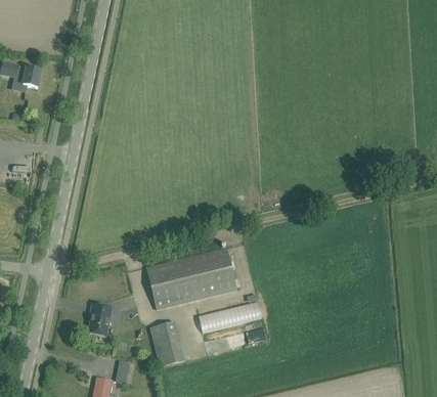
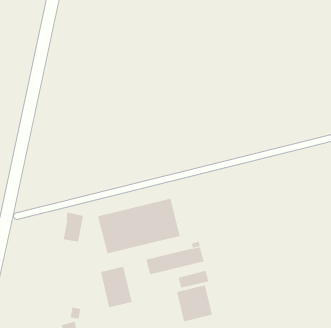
building: [88,303,111,336] -> [63,212,84,242]
building: none -> [176,285,213,322]

